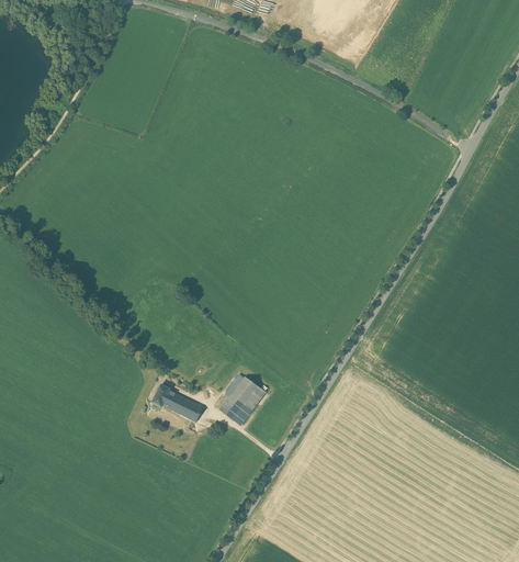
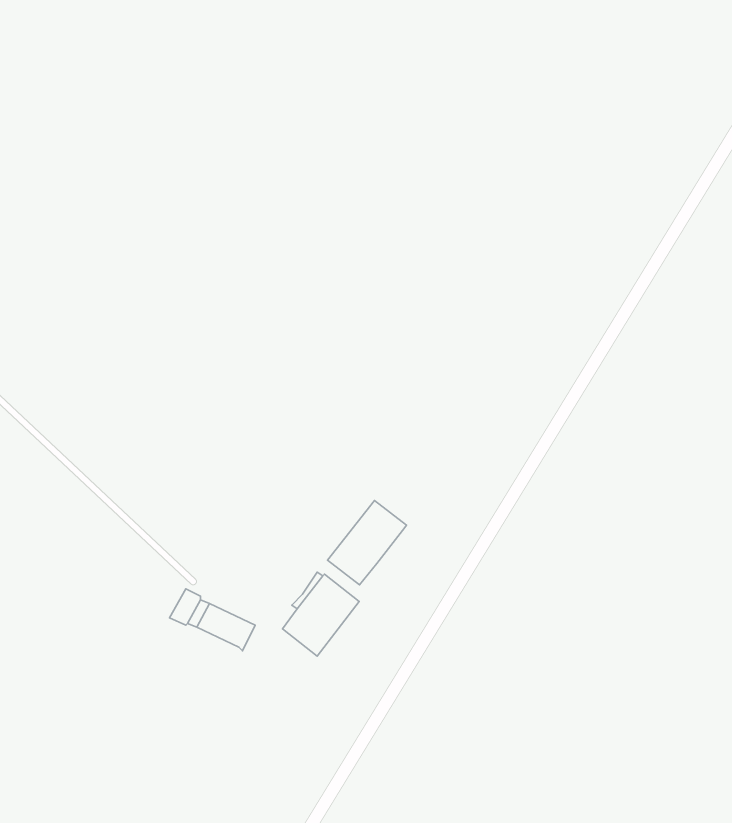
building: none -> [328,501,406,585]

